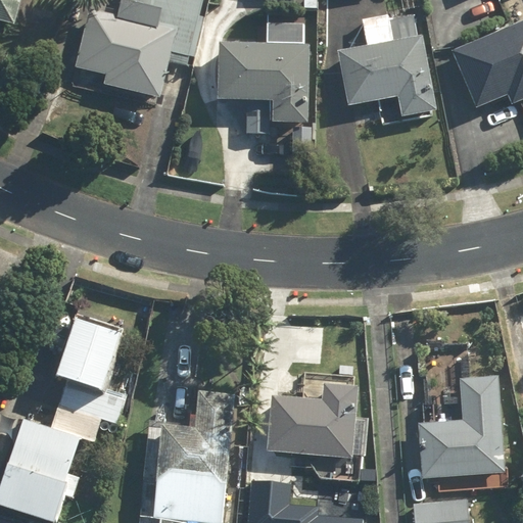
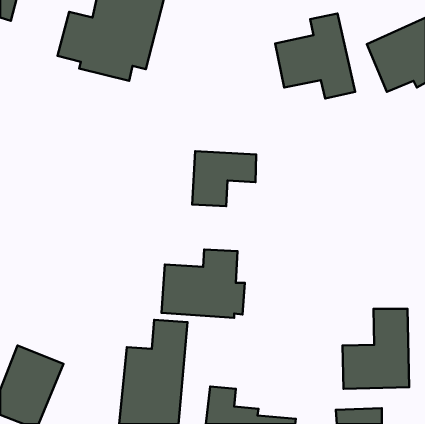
building: [215,10,312,147] -> none
building: none -> [192,151,256,206]
building: [49,320,128,442] -> none
building: [264,376,366,460] -> [162,249,245,318]

